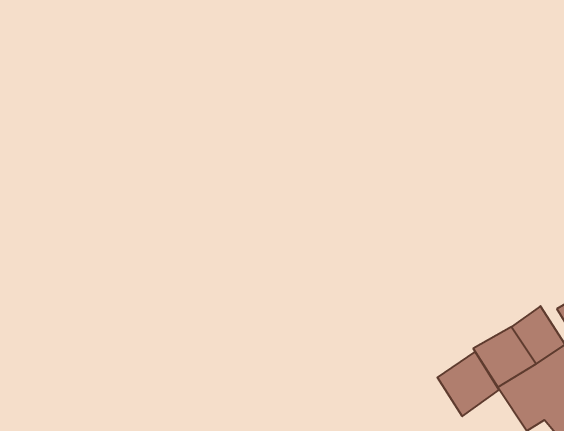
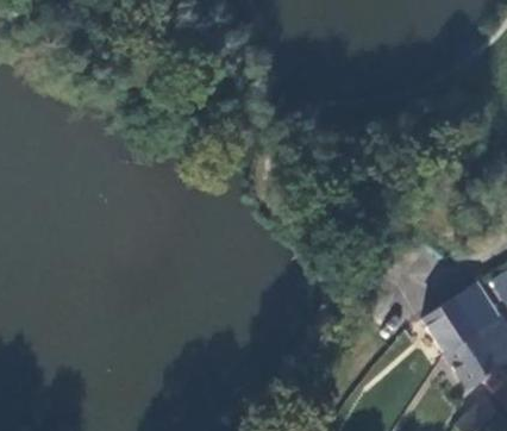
building: [437,352,499,416] -> none

